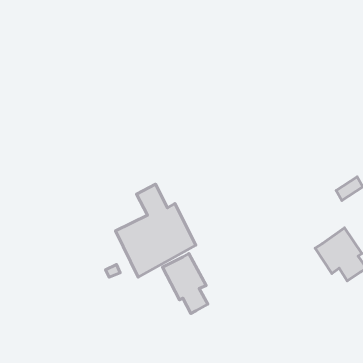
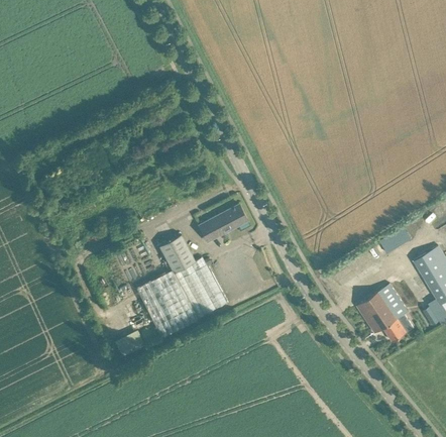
building: none -> [198,205,246,242]
building: [162,254,208,314] -> none

